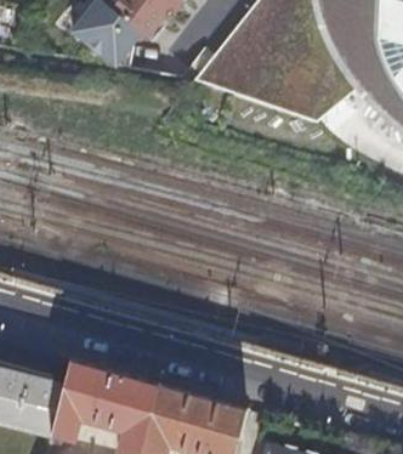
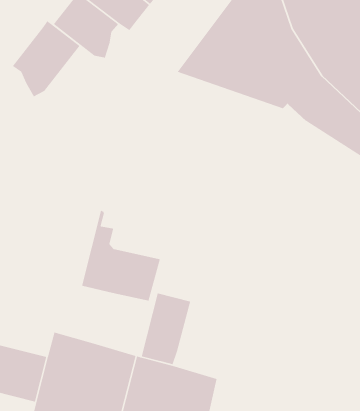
building: none -> [12,20,80,97]
building: none -> [81,209,161,301]
building: none -> [141,293,191,365]

